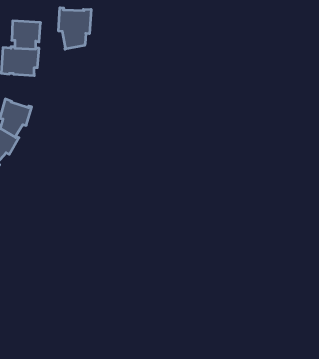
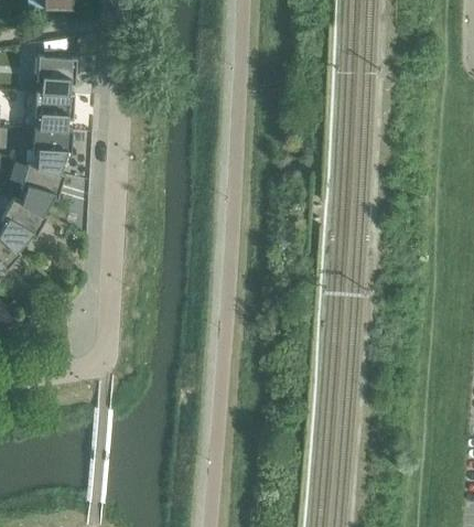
building: [59,8,91,49] -> none
building: none -> [31,128,71,175]

